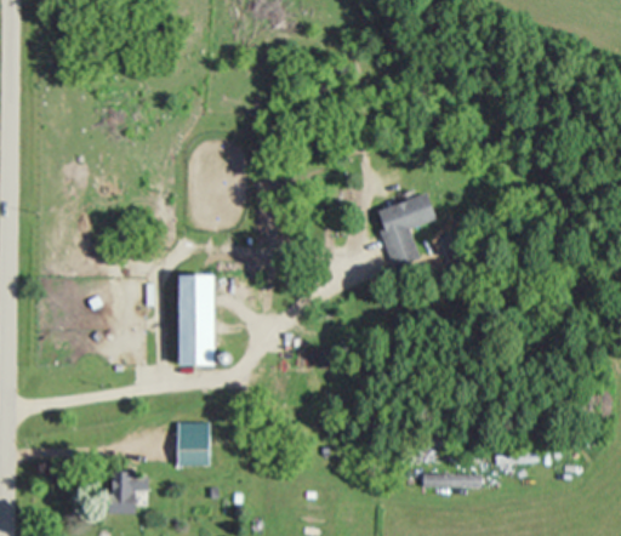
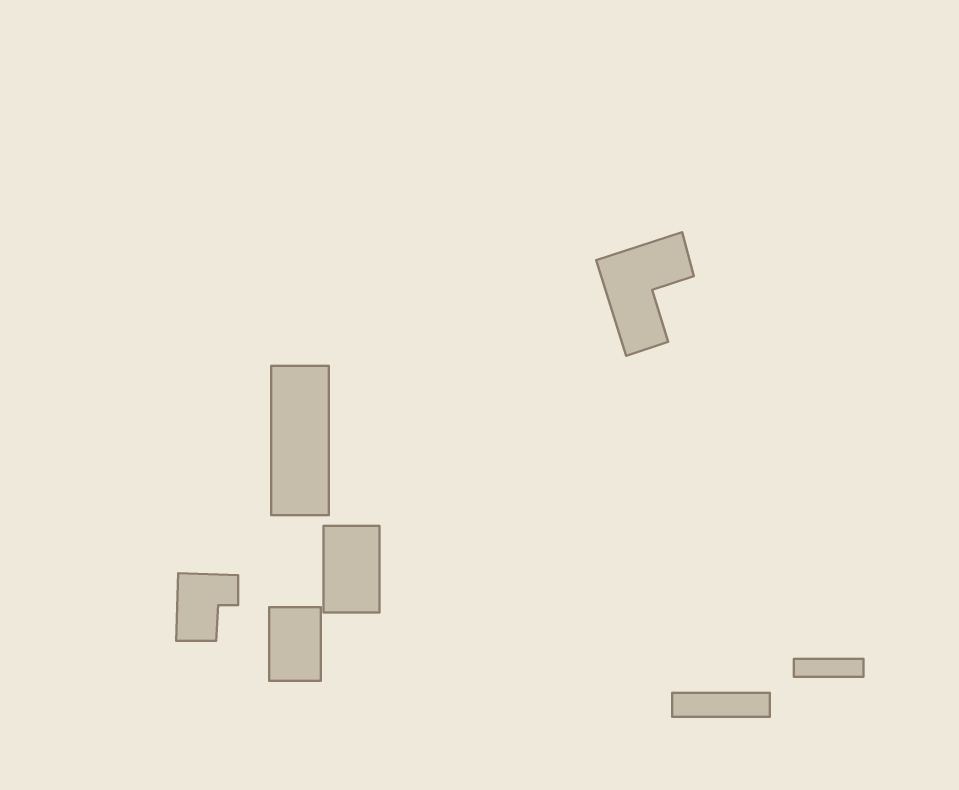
building: none -> [323,526,379,612]
building: [110,472,148,513] -> [176,573,238,641]

